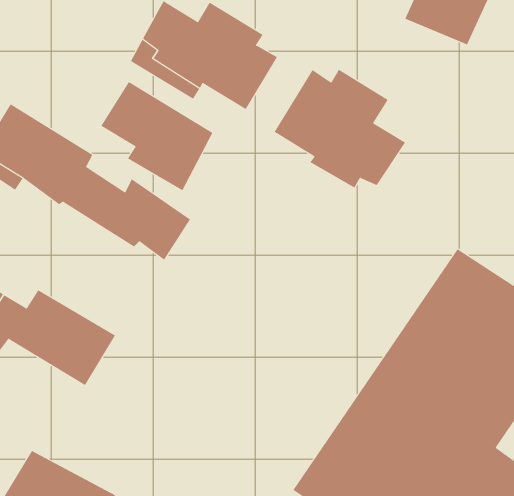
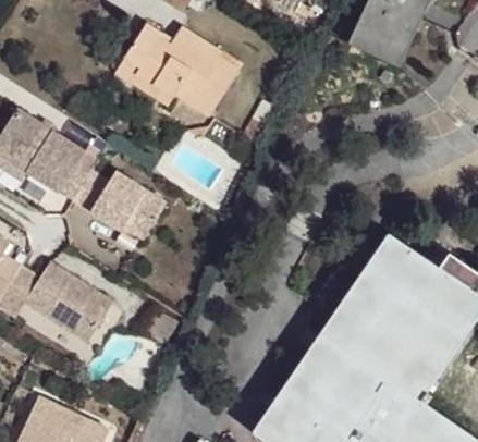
building: [274,69,406,188] -> none
building: [101,81,213,191] -> none

